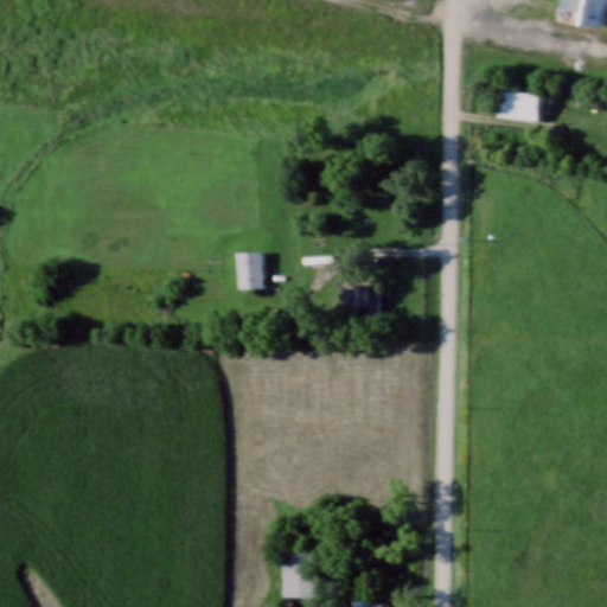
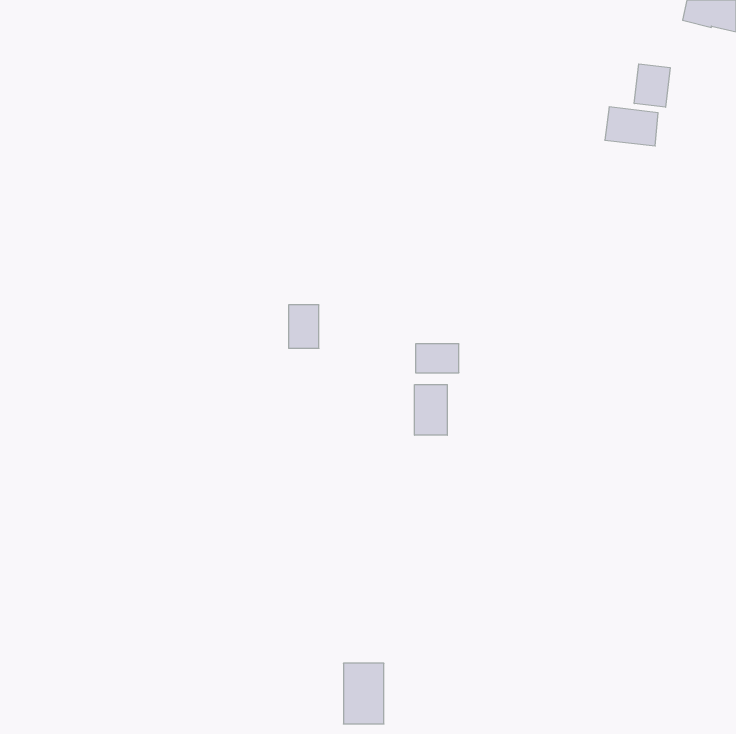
building: none -> [634,64,670,107]
building: none -> [415,385,447,435]

